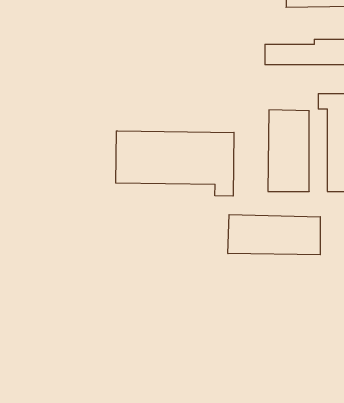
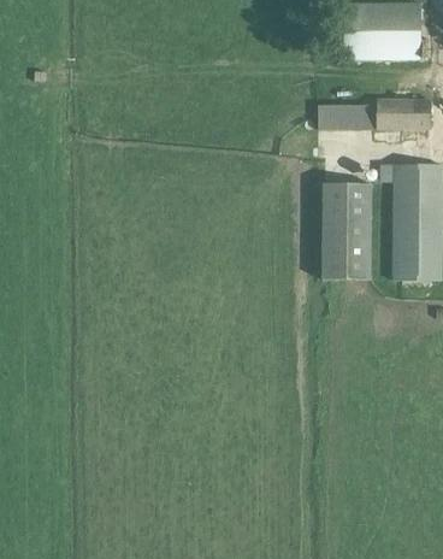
building: [116,131,234,196] -> none
building: [228,215,320,255] -> none

